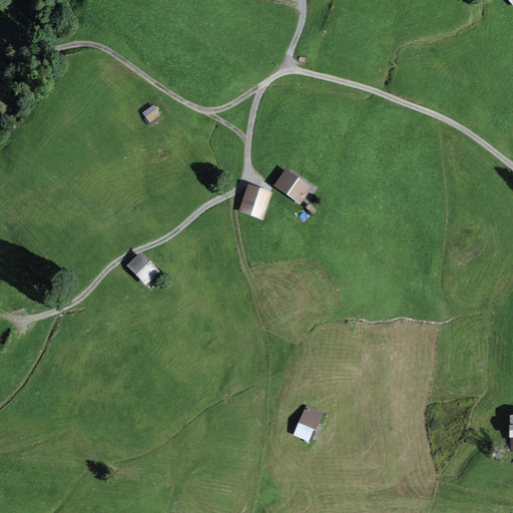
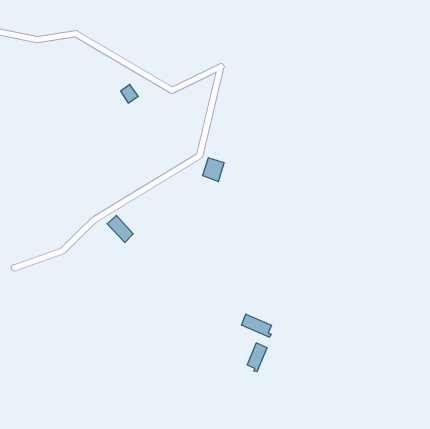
building: [275,171,307,199] -> none
building: none -> [242,314,271,337]

